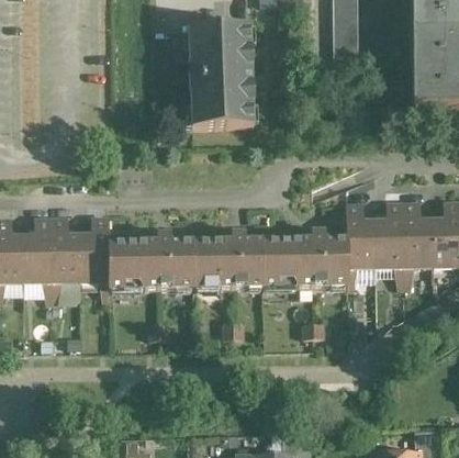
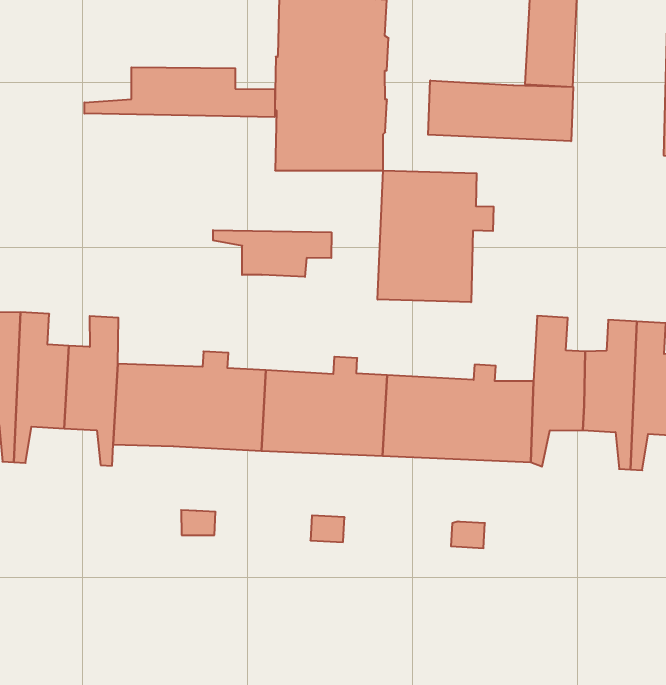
building: none -> [428,80,573,141]
building: none -> [84,67,275,117]
building: none -> [378,171,494,302]
building: none -> [213,230,331,277]

